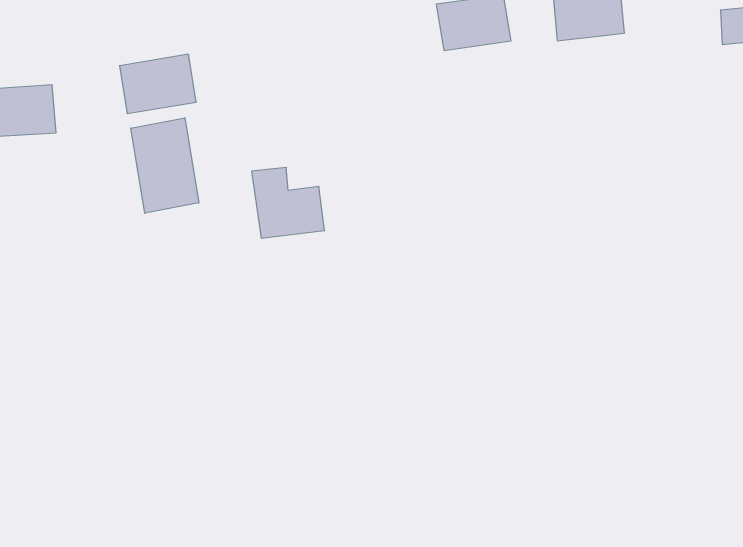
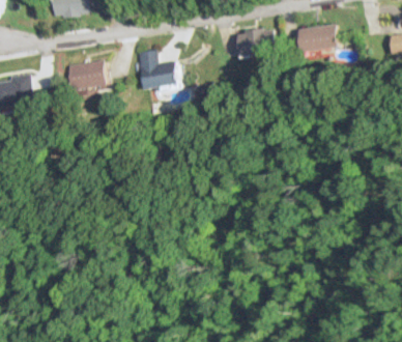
building: [131,118,199,213] -> none
building: [252,167,325,238] -> [138,50,177,88]

